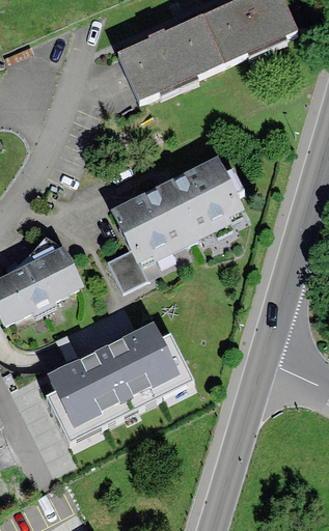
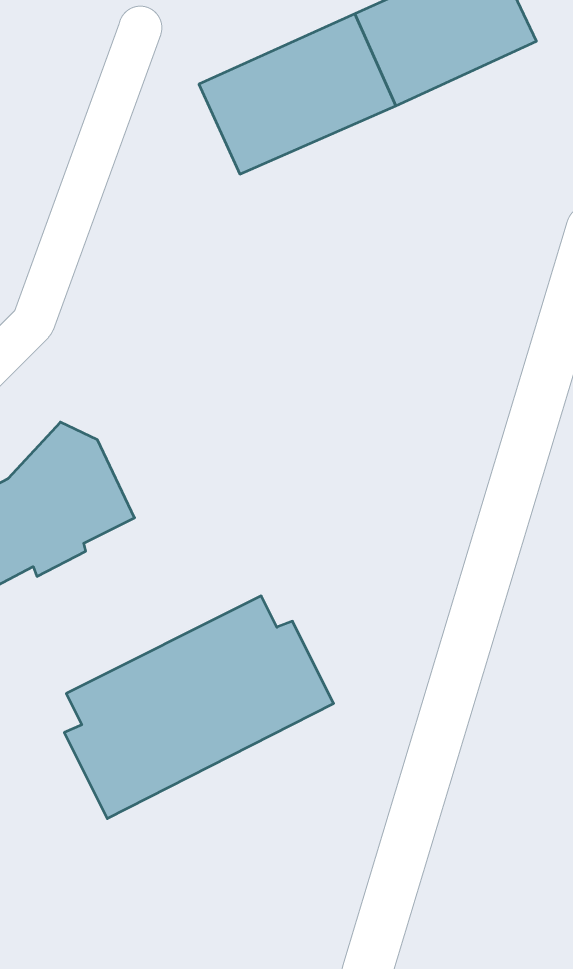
building: [107,156,248,294] -> none

